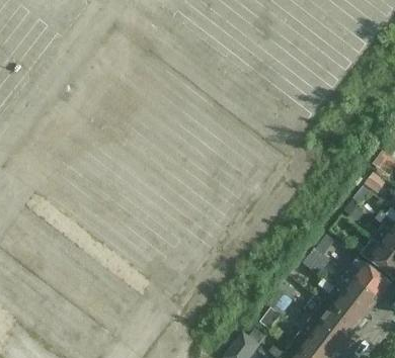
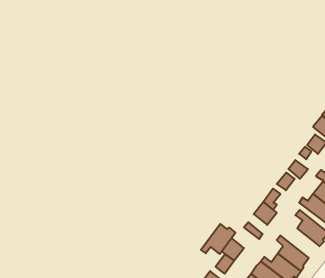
building: none -> [201,224,235,254]
building: [333,278,378,311] -> none

